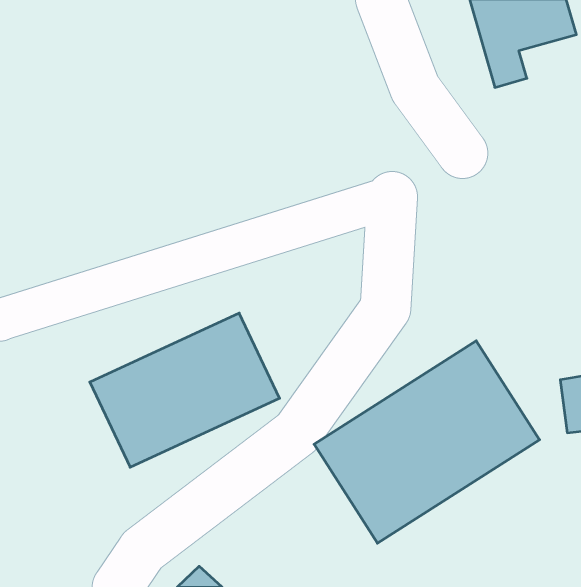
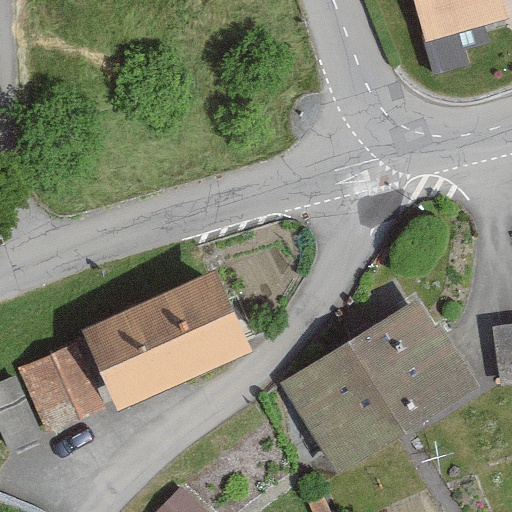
building: none -> [29,348,102,431]

